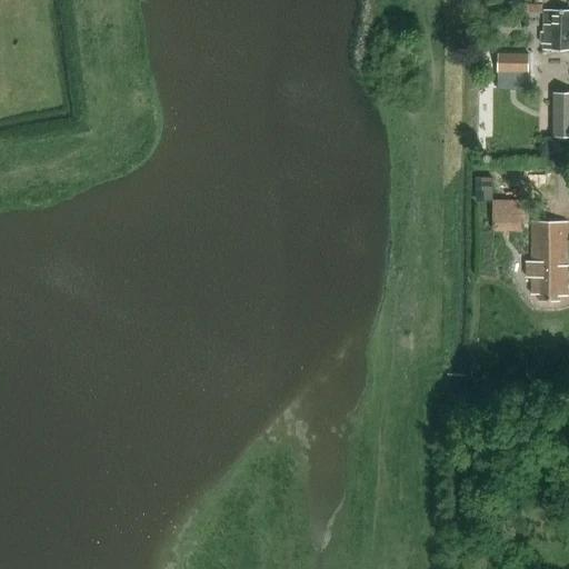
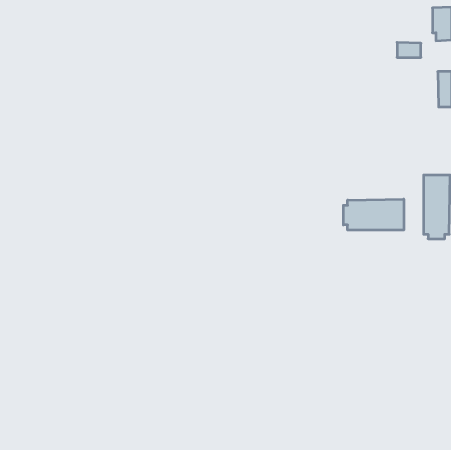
building: [496,199,530,222] -> none
building: none -> [343,199,404,230]

